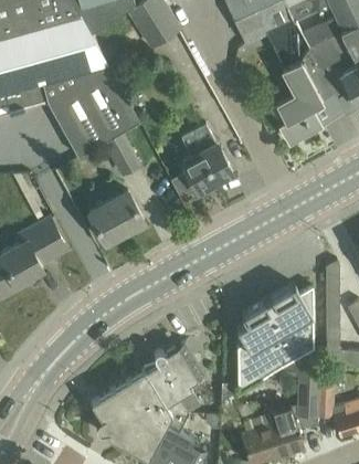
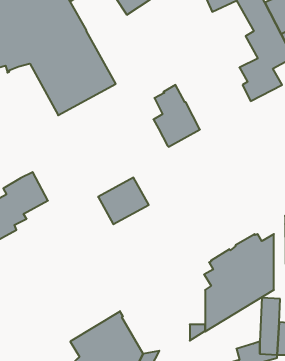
building: [106,136,140,178] -> none
building: [88,193,144,244] -> [98,178,149,224]
building: [147,345,203,419] -> none

